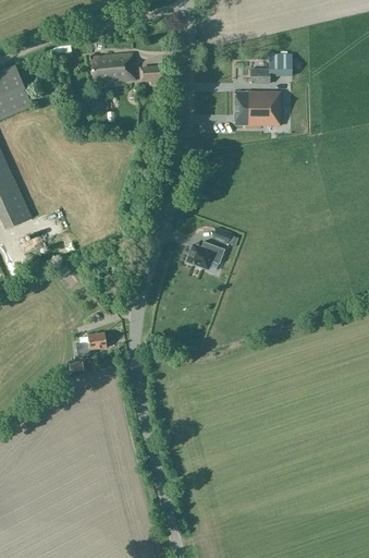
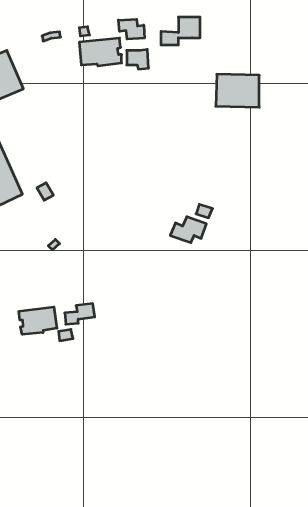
building: none -> [118,19,144,39]
building: [250,53,292,83] -> [161,17,200,45]
building: none -> [19,307,57,334]

